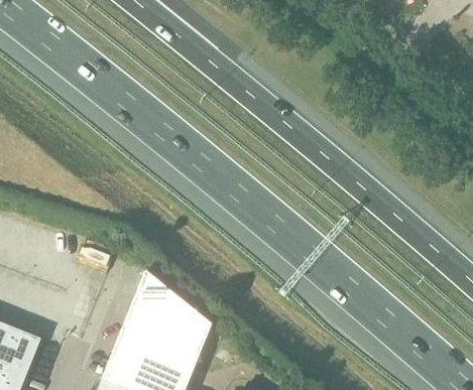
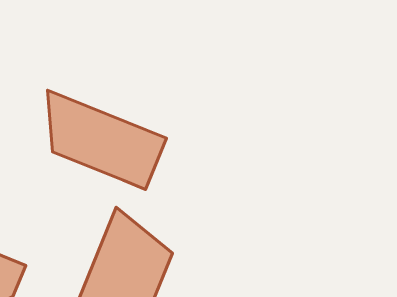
building: none -> [48,90,166,189]

